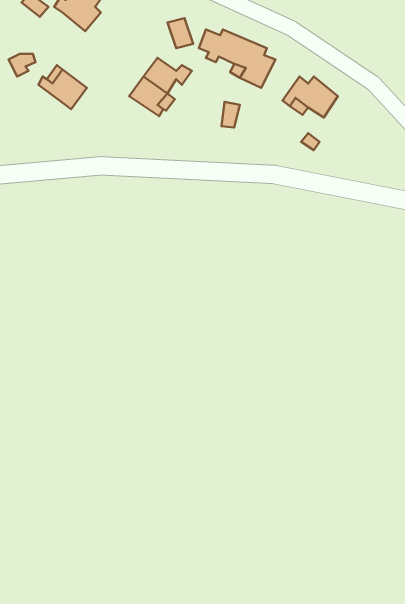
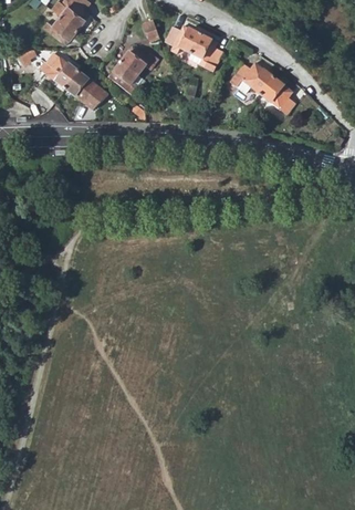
building: none -> [43,14,77,44]
building: none -> [66,73,109,112]
building: none -> [263,80,295,115]

